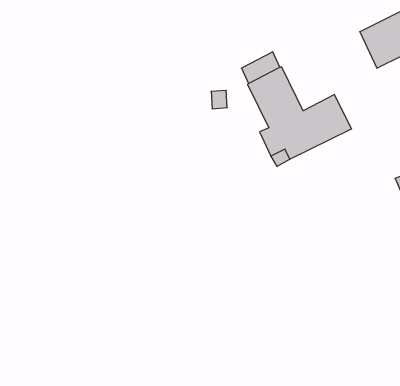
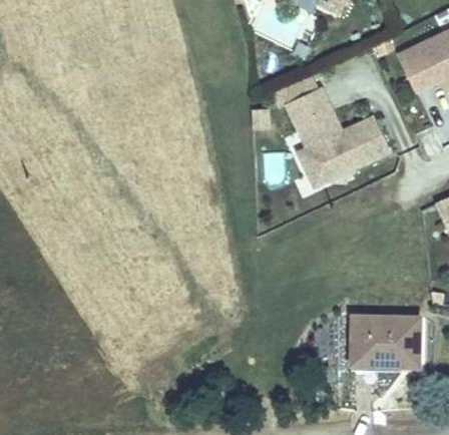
building: none -> [357,324,424,368]

